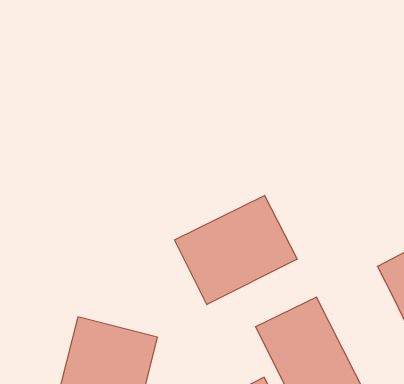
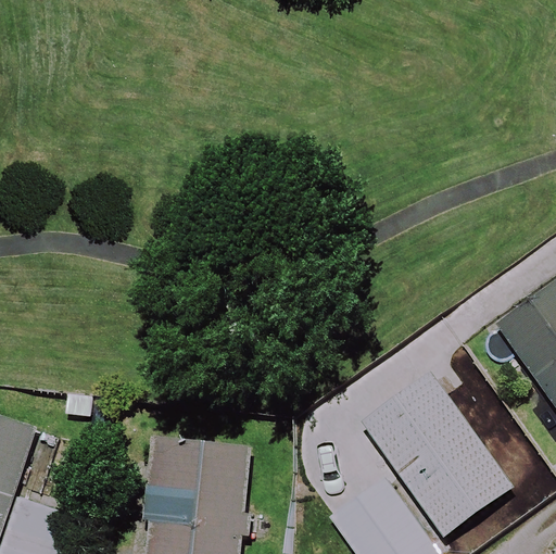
building: [175,195,297,305] -> none

